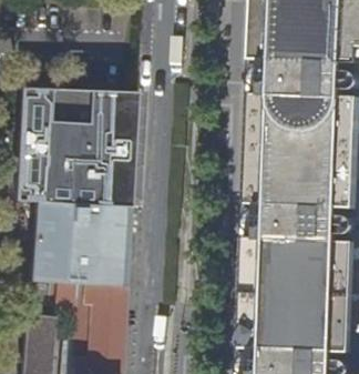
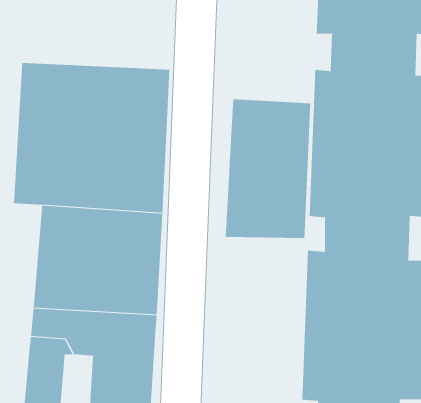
building: none -> [225,99,311,239]

